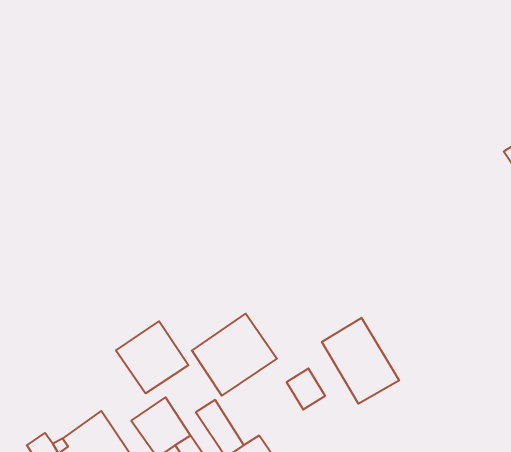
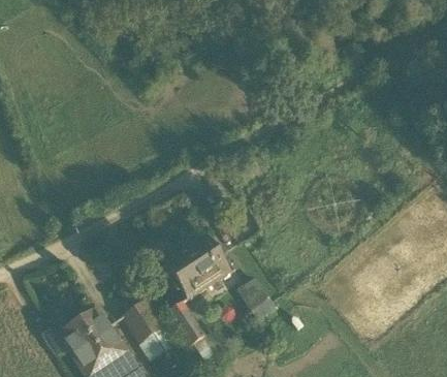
building: [322,318,399,404] -> none
building: [116,321,188,393] -> none

